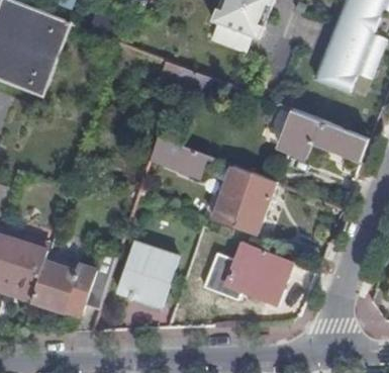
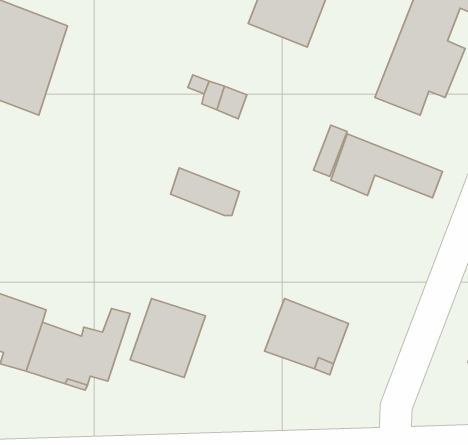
building: [210,167,275,235] -> none

